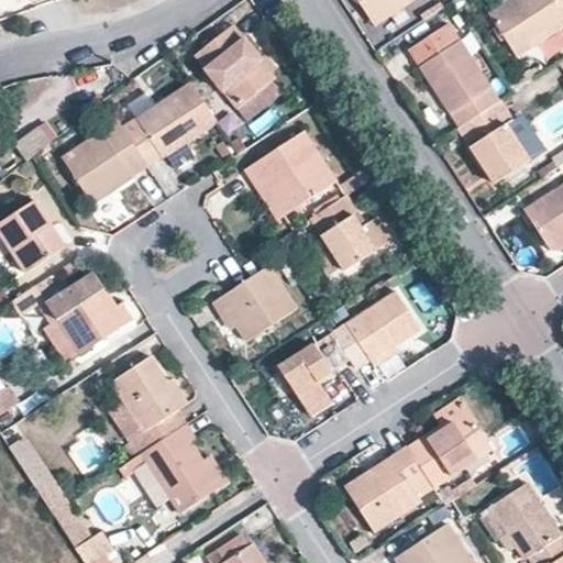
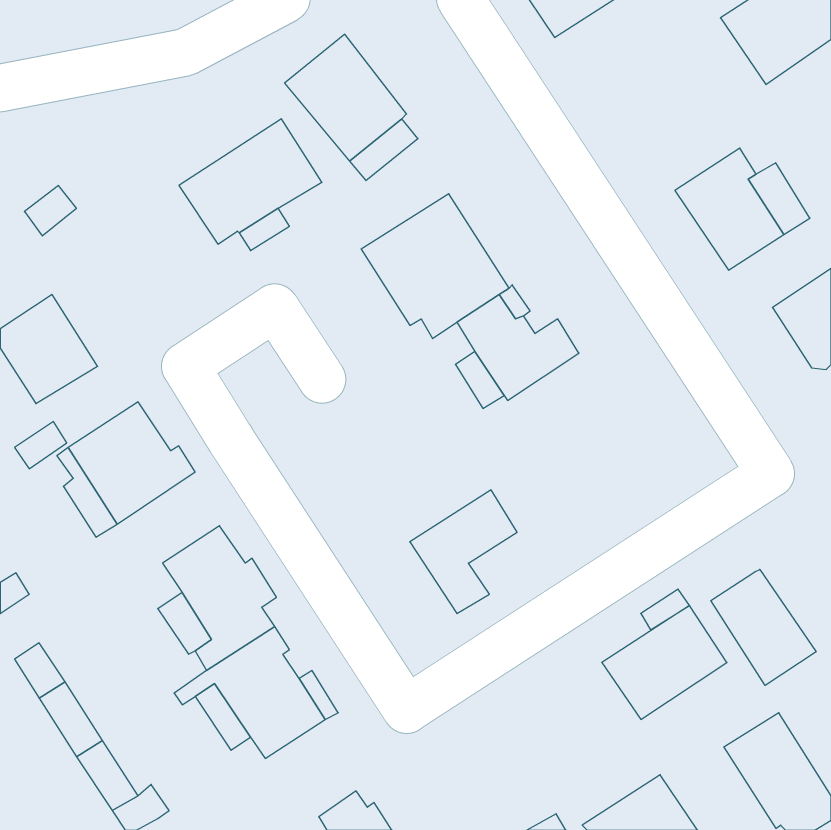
building: [406,21,492,114] -> none
building: [60,120,147,203] -> none
building: [211,265,297,342] -> none
building: [332,289,420,368] -> none
building: none -> [711,569,816,685]
building: [343,445,433,531] -> none

